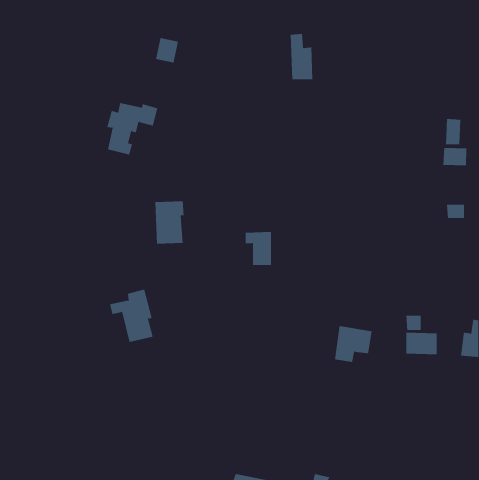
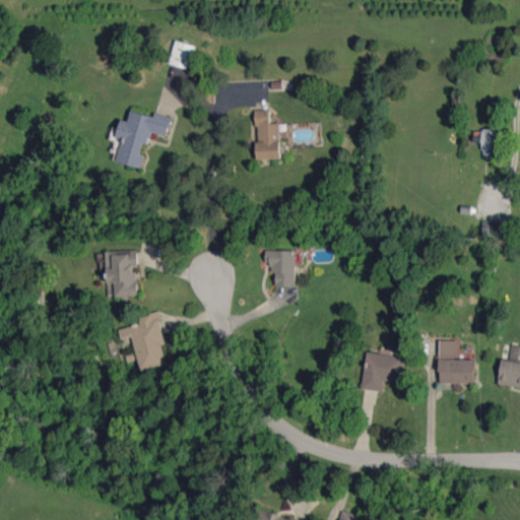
building: [290,34,313,80] -> [254,110,279,159]
building: [443,147,467,166] -> none
building: [154,201,184,244] -> [105,251,137,298]

